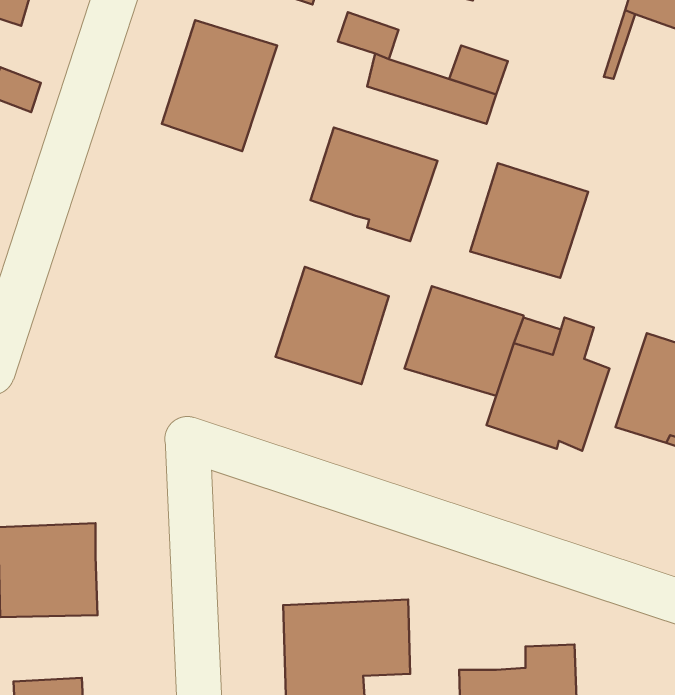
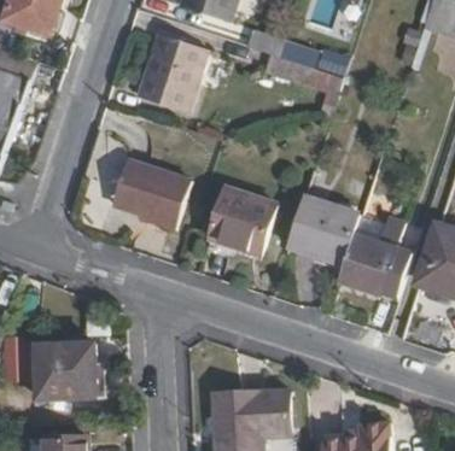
building: [311,128,438,241] -> [112,159,191,229]
building: [470,163,588,278] -> none

